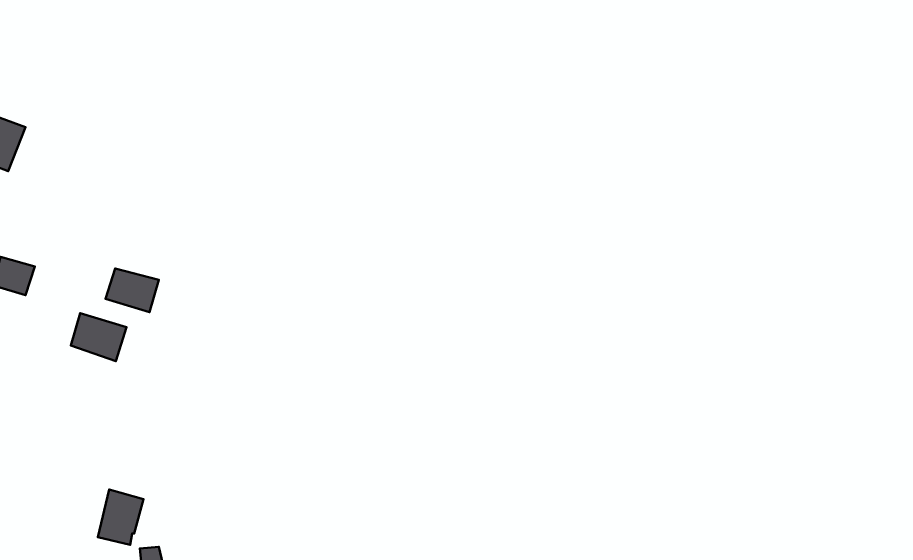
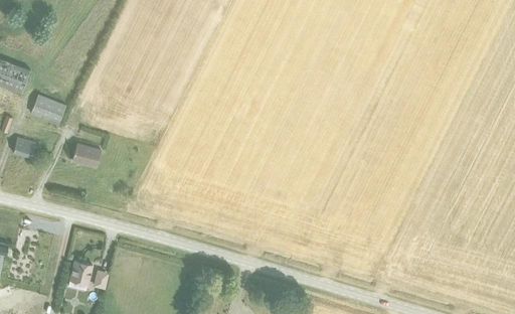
building: none -> [30,95,65,125]
building: [71,313,126,361] -> none

